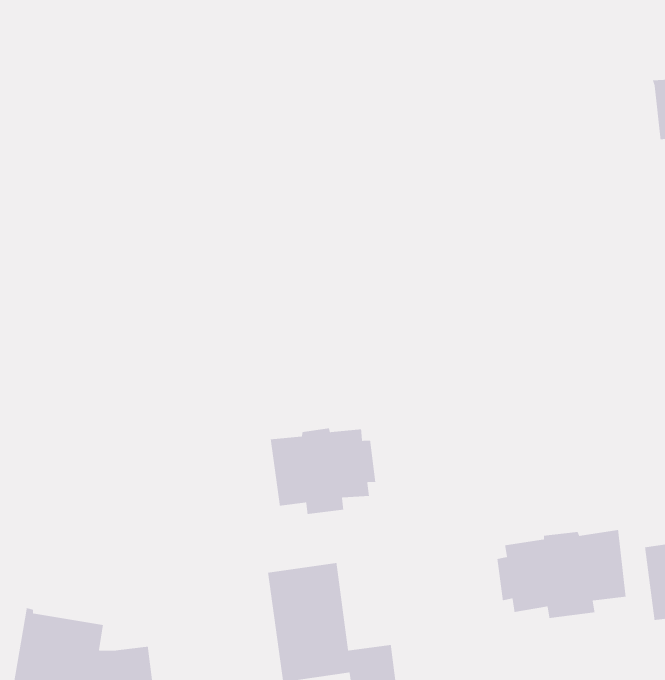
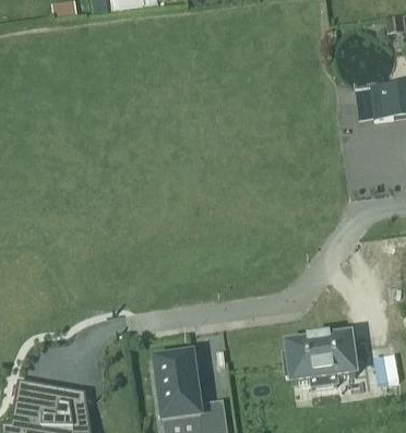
building: [270,428,376,515] -> none

